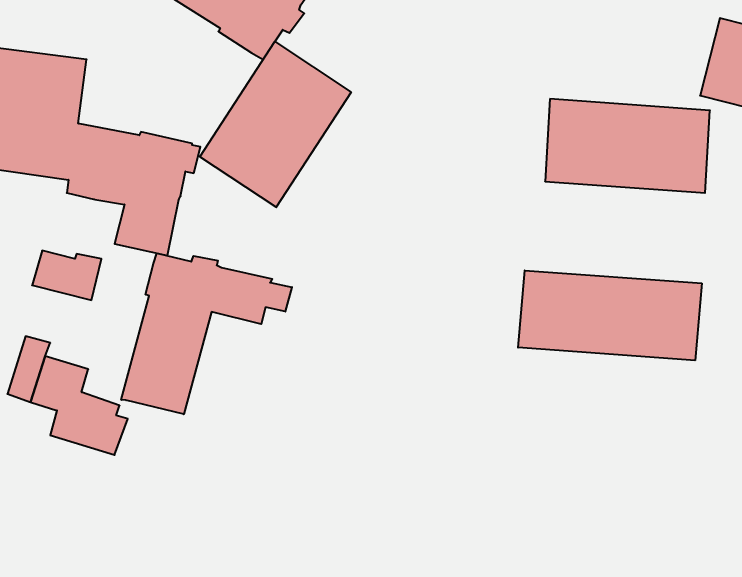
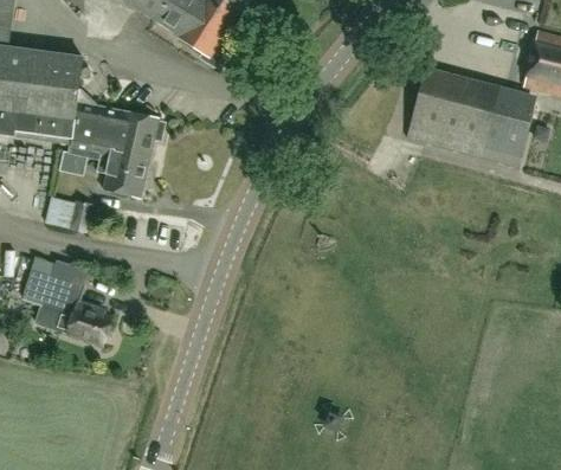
building: [200,42,351,207] -> none
building: [121,253,292,414] -> none
building: [518,270,702,360] -> none

